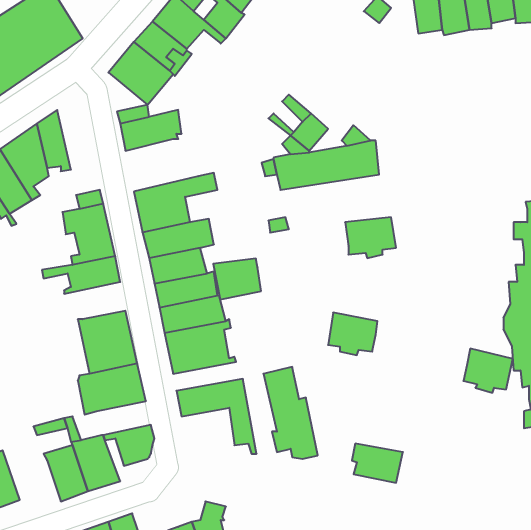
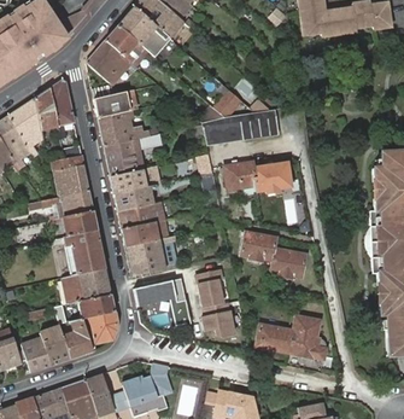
building: none -> [49,80,75,139]
building: none -> [98,109,144,146]
building: [213,259,261,300] -> [222,162,256,191]
building: none -> [54,210,98,237]
building: [463,349,513,393] -> [270,248,305,279]
building: none -> [77,295,116,319]
building: none -> [289,316,326,359]
building: none -> [22,337,52,373]

